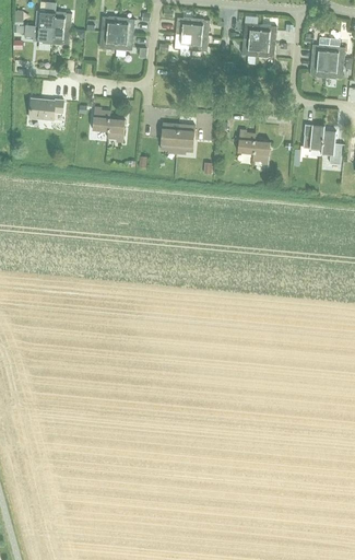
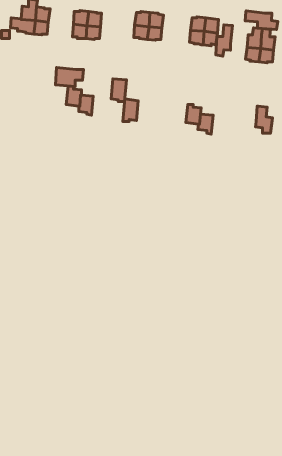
building: none -> [245,11,278,29]
building: none -> [216,25,233,56]
building: [29,96,63,119] -> [55,68,83,86]
building: [177,124,196,151] -> [111,79,126,102]
building: [304,124,324,149] -> none

